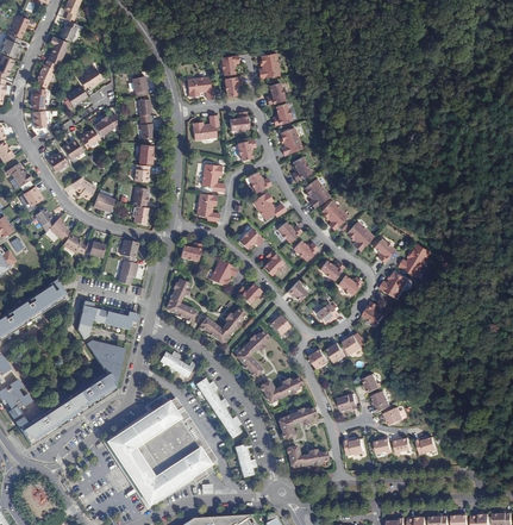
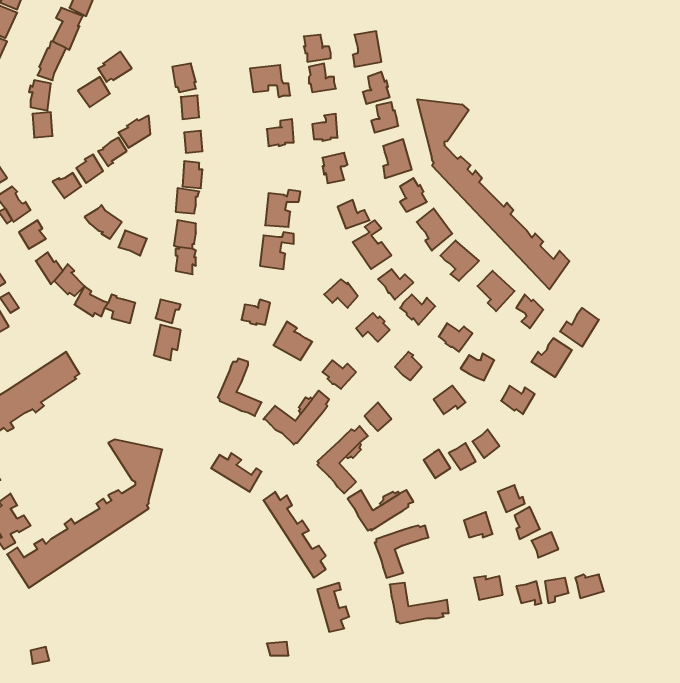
building: none -> [417,99,569,289]
building: [76,300,137,339] -> none
building: [106,393,215,504] -> none

